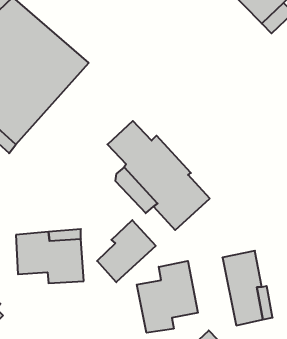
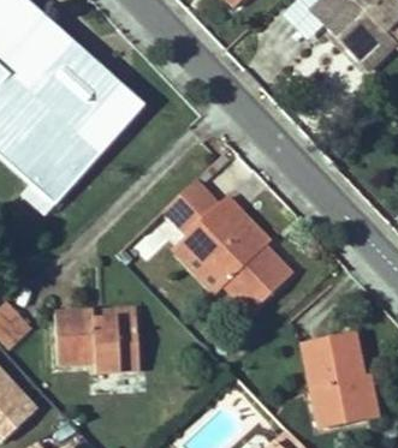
building: [97,220,156,282] -> none
building: [137,261,198,333] -> none

